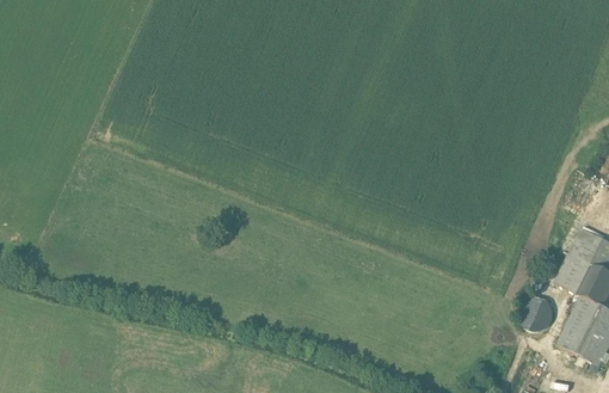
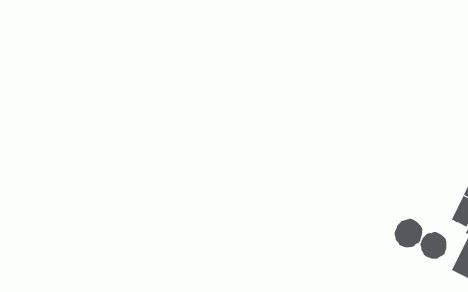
building: none -> [394,218,423,248]

